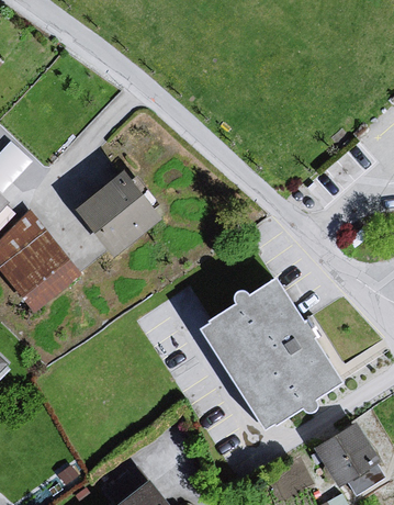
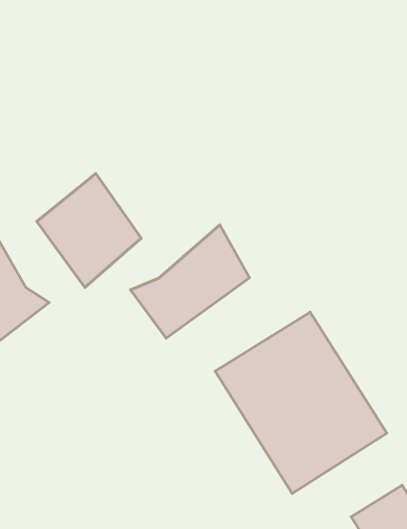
building: none -> [131,225,249,338]

